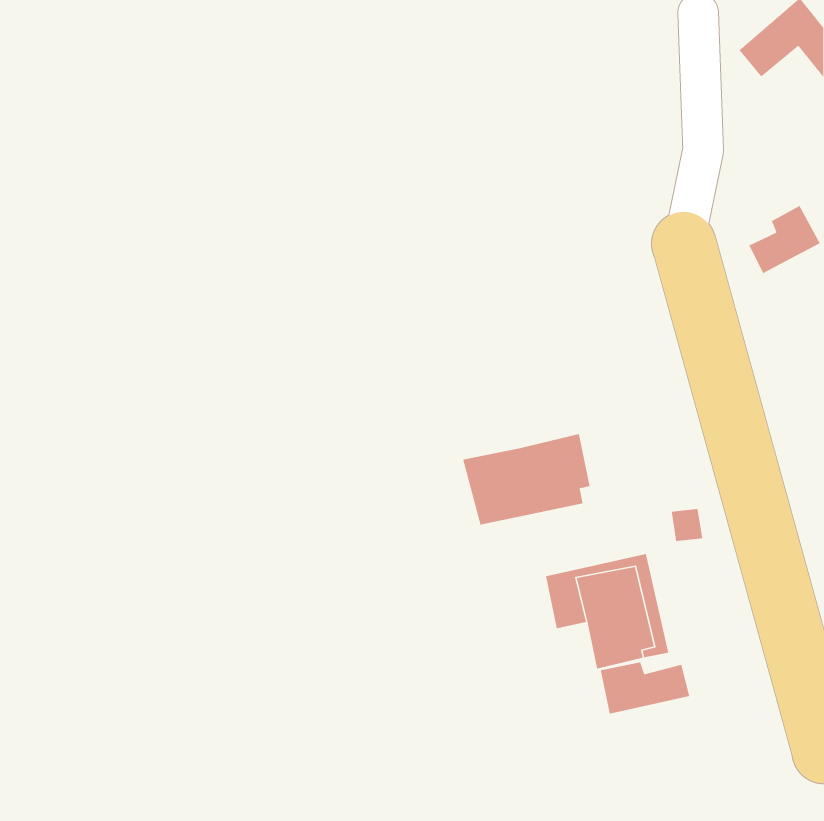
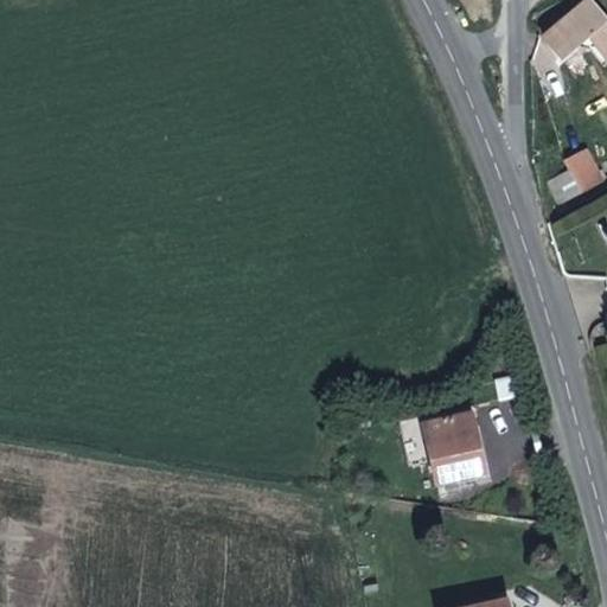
building: [462,433,591,526] -> none
building: [600,662,690,715] -> none

